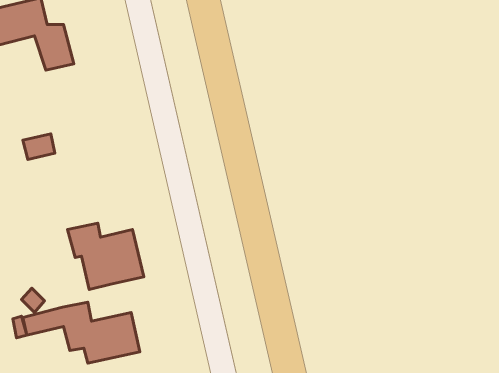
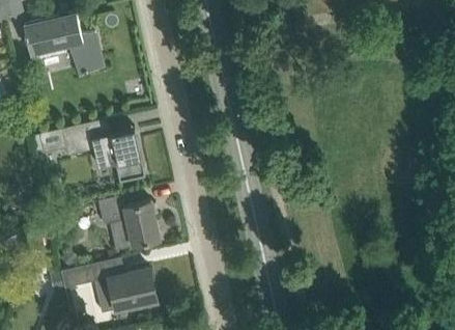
building: none -> [91,128,146,183]

